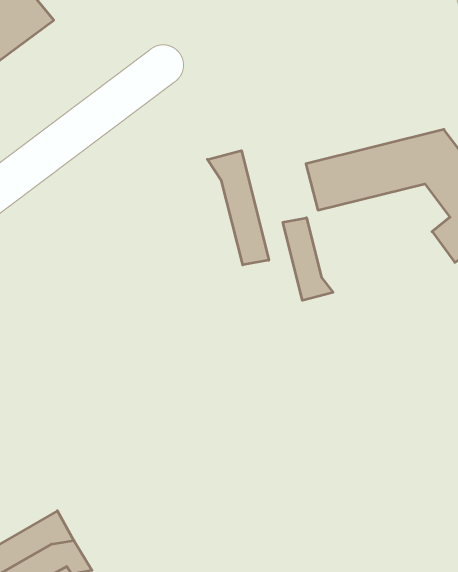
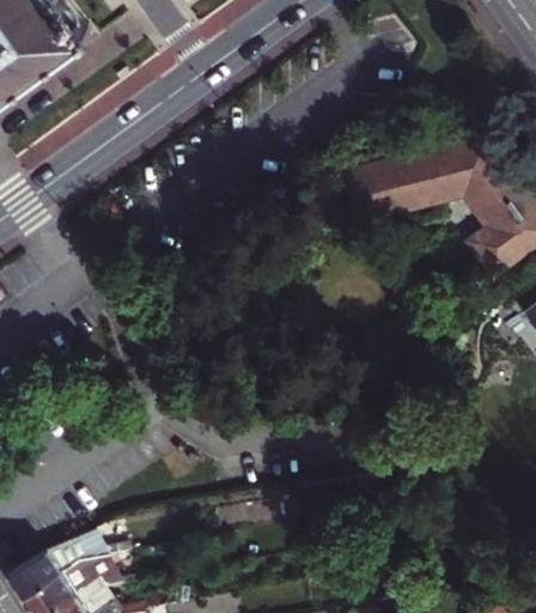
building: [207,151,269,265] -> none
building: [283,218,333,300] -> none

